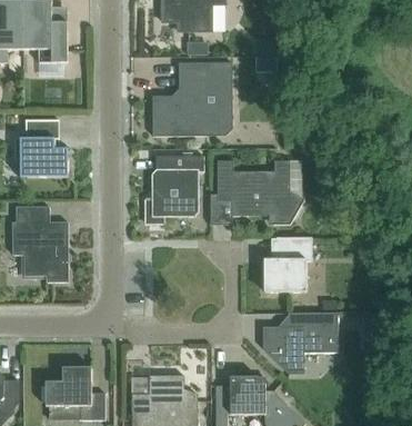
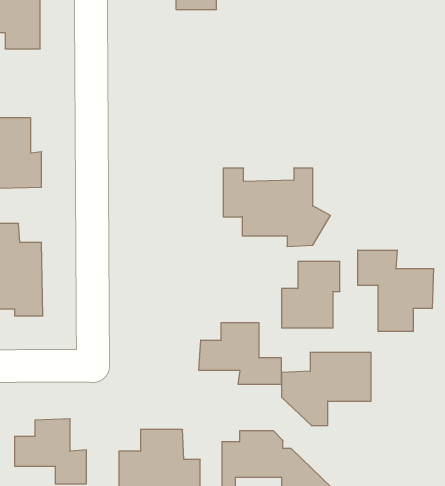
building: [151,62,232,136] -> none
building: [148,155,202,220] -> none
building: none -> [358,250,434,332]
building: none -> [199,323,281,384]

